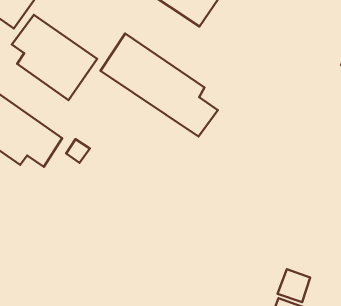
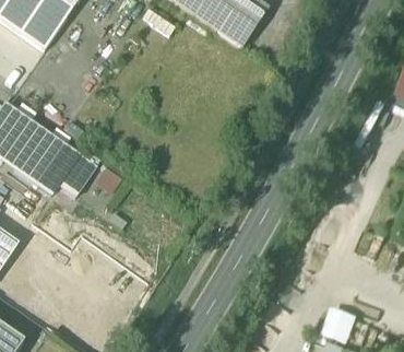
building: [12,15,97,100] -> none
building: [101,34,218,137] -> none

